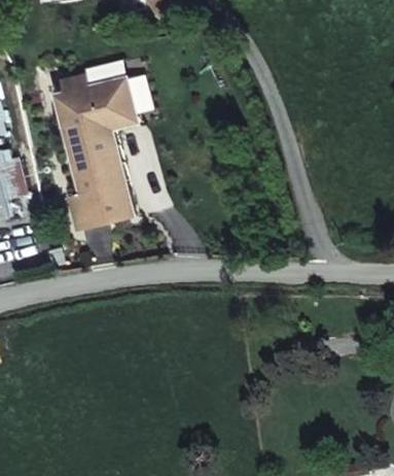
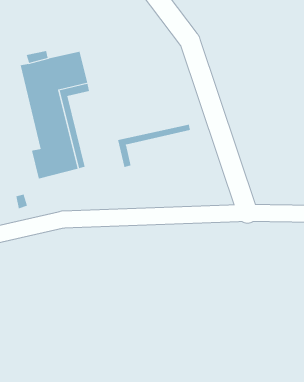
building: none -> [118,124,191,168]

